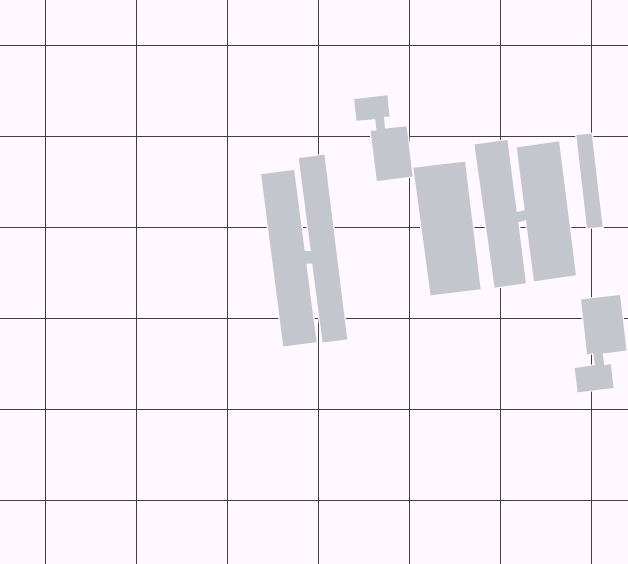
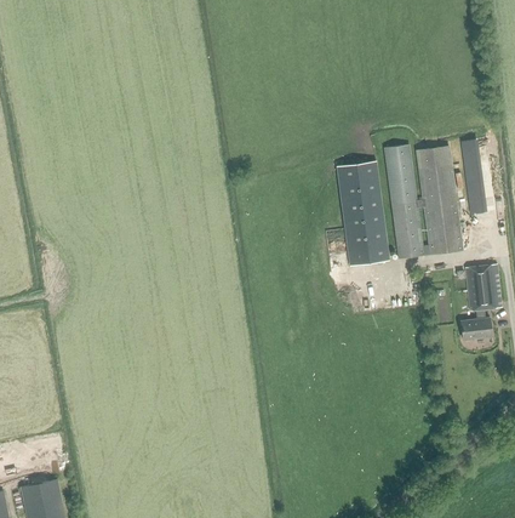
building: [354,95,413,182] -> none
building: [260,154,348,347] -> none

